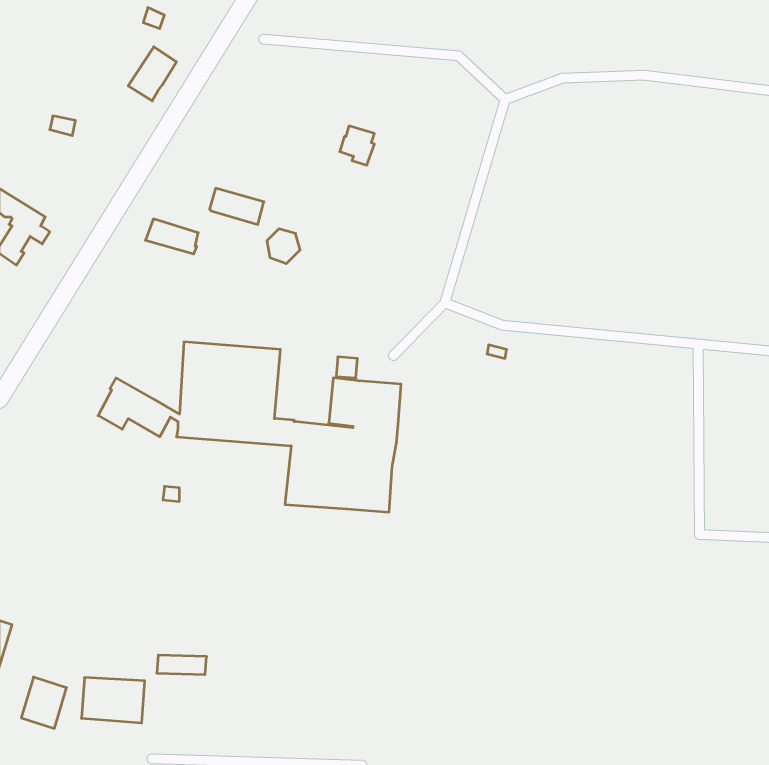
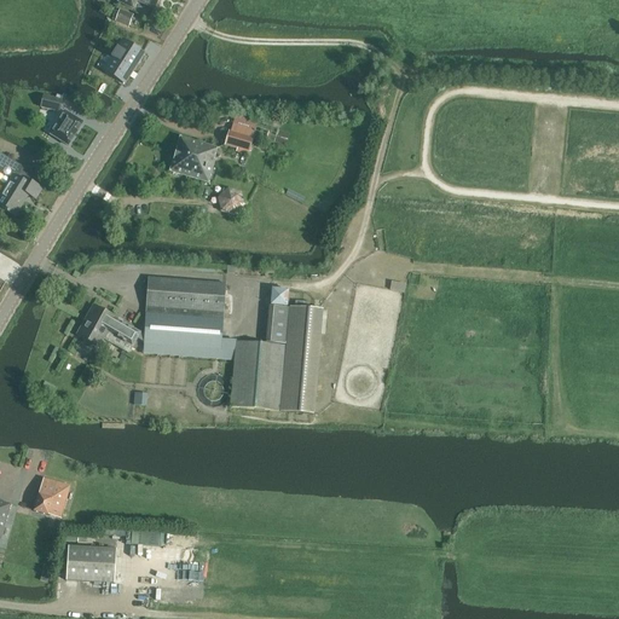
building: [340,126,374,165] -> [225,121,253,152]
building: none -> [50,109,81,143]
building: [145,219,198,254] -> [173,134,215,162]
building: [21,677,67,728] -> [33,475,69,516]

